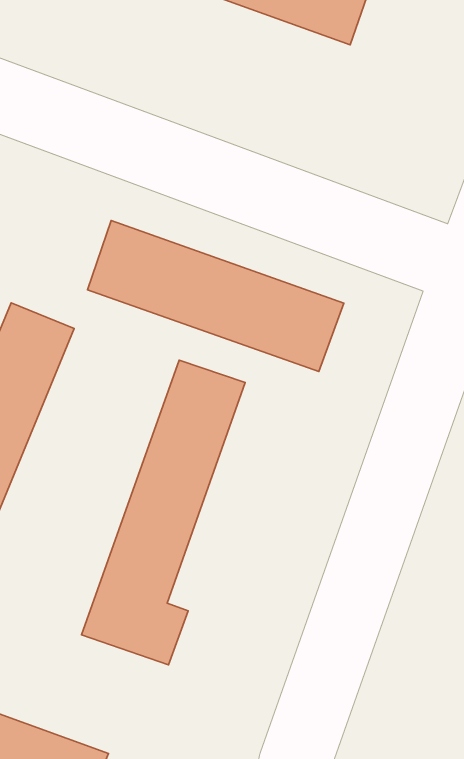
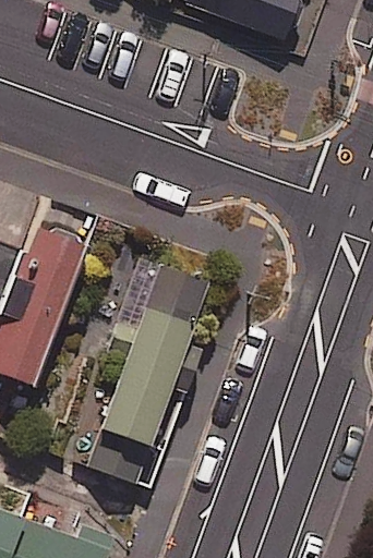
building: [88,220,344,371] -> none

